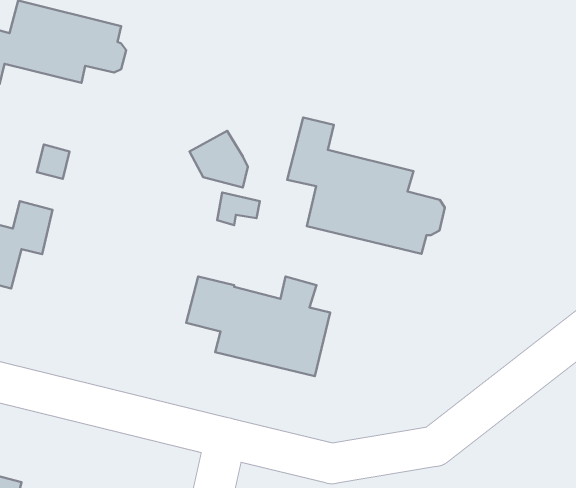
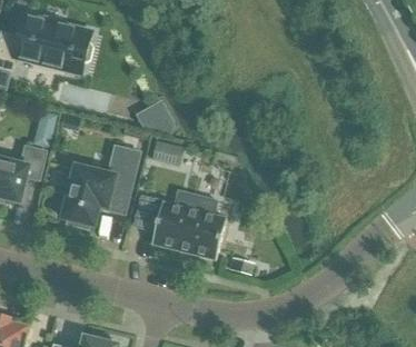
building: [287,117,445,254] -> none
building: none -> [62,145,140,228]

